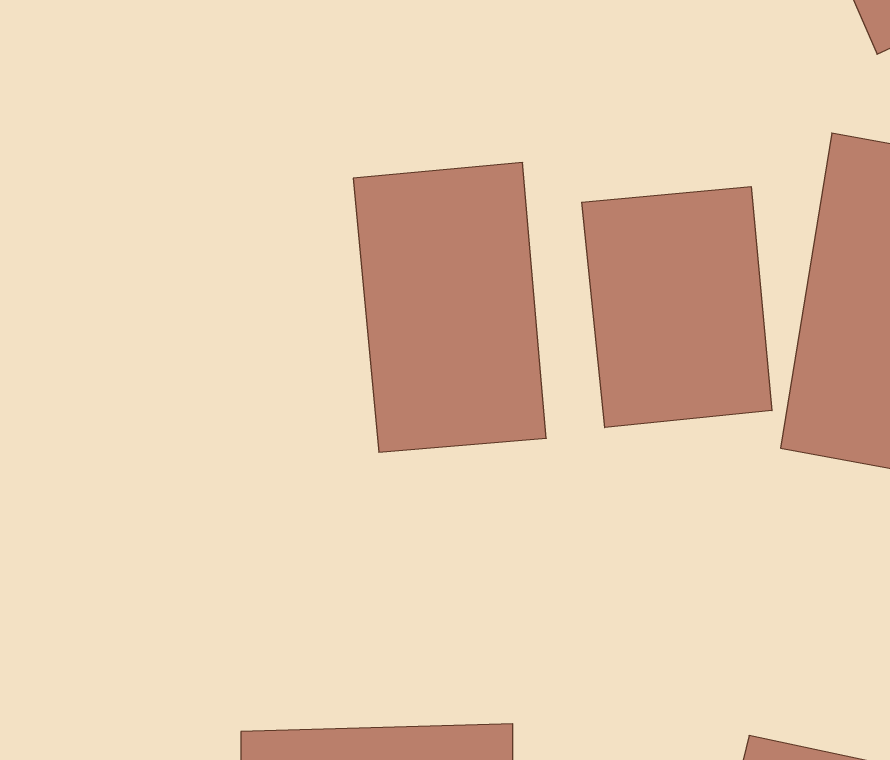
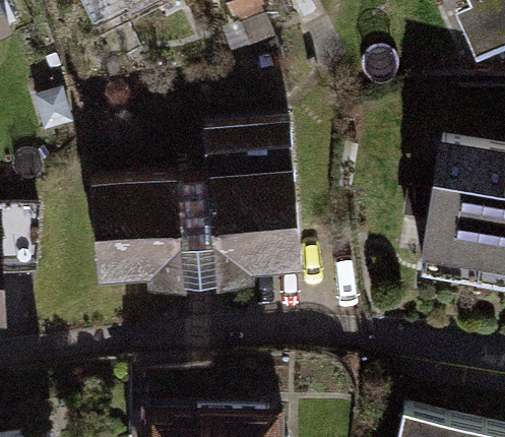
building: [582,187,772,428] -> none
building: none -> [90,168,201,294]

